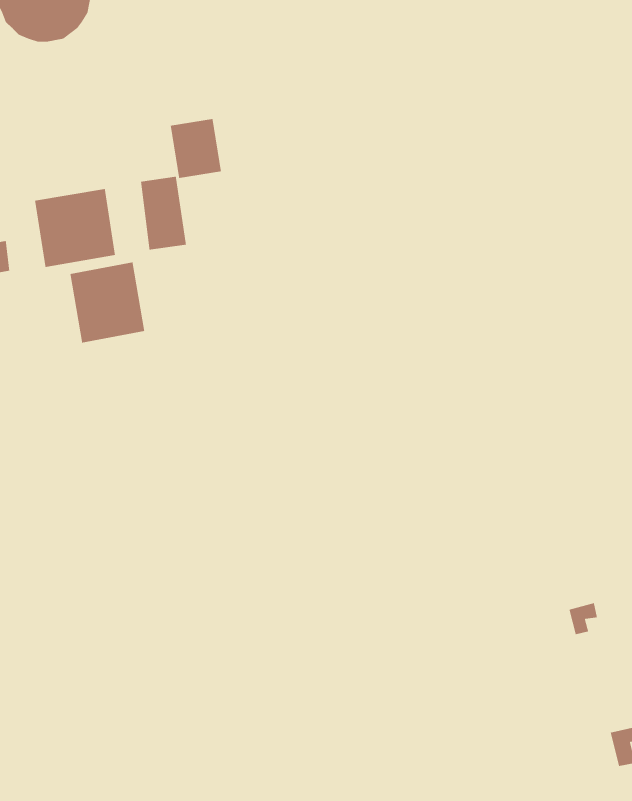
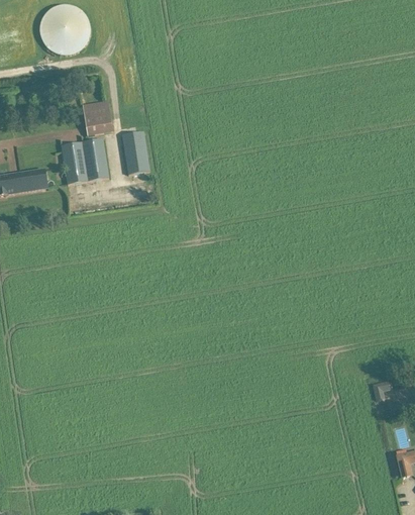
building: [170,118,222,179] -> [83,100,113,135]
building: [69,262,145,343] -> none

